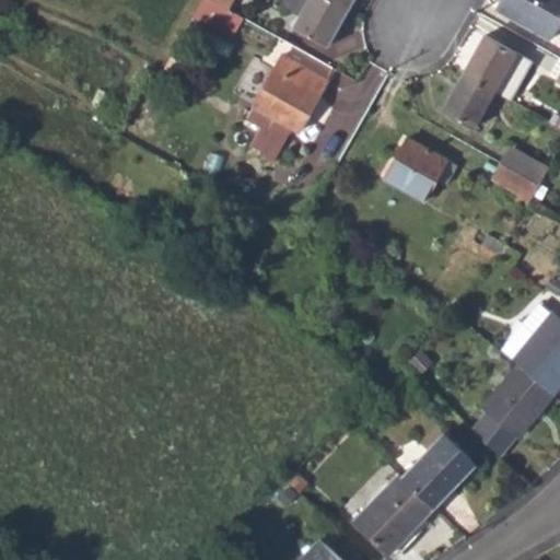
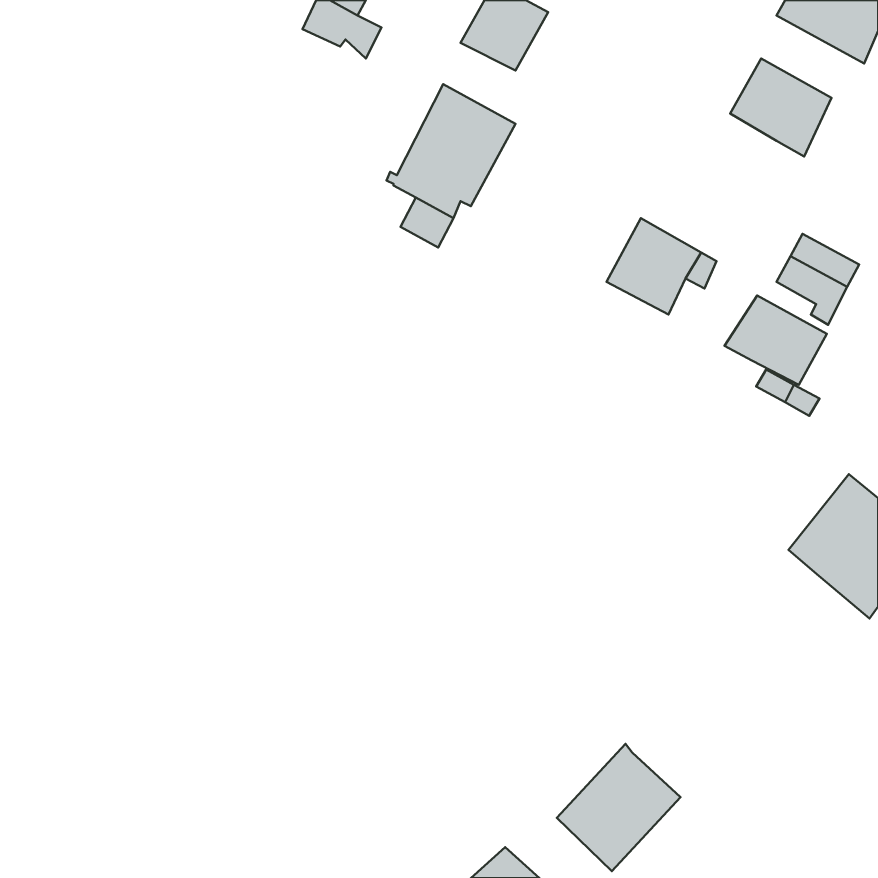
building: [443,72,494,127] -> none
building: none -> [725,296,827,385]
building: [471,364,553,456] -> none
building: [402,434,474,508] -> none

